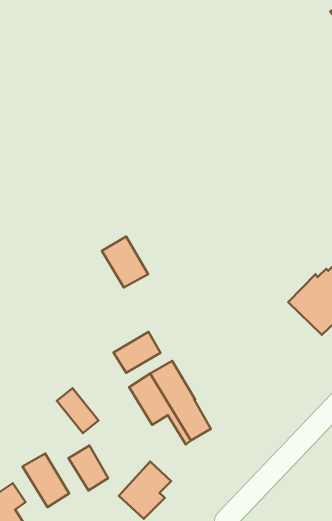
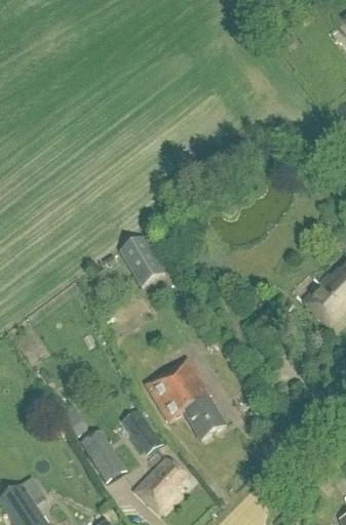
building: [114,332,160,373] -> none
building: [57,388,99,433] -> [125,410,166,454]
building: [22,453,69,507] -> none

